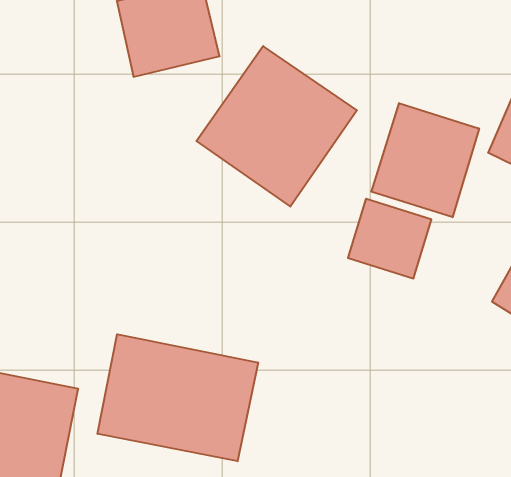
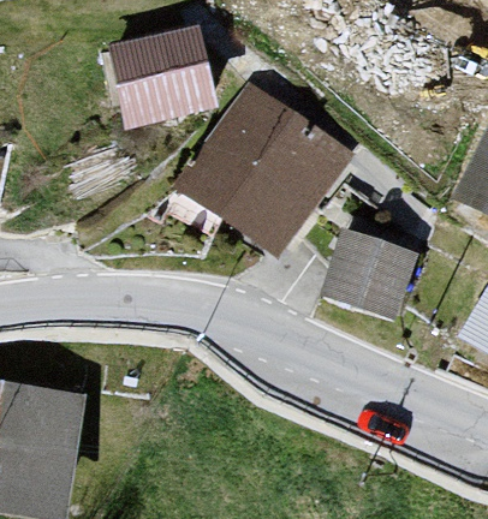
building: [371,103,479,217] -> none
building: [98,334,258,461] -> none

